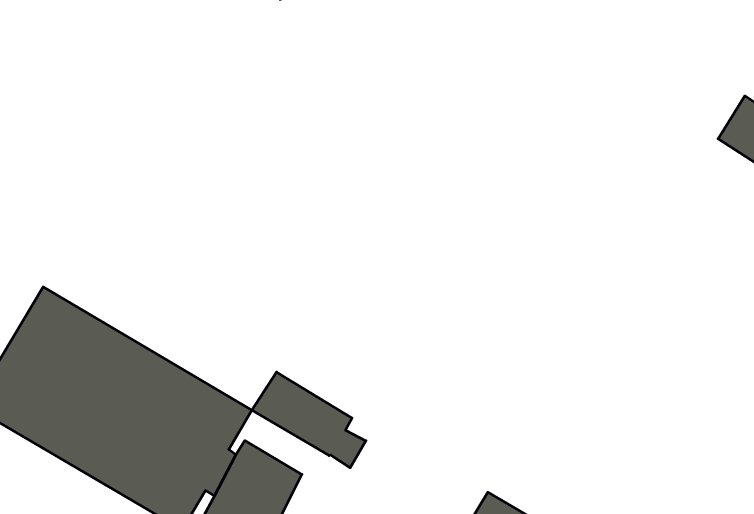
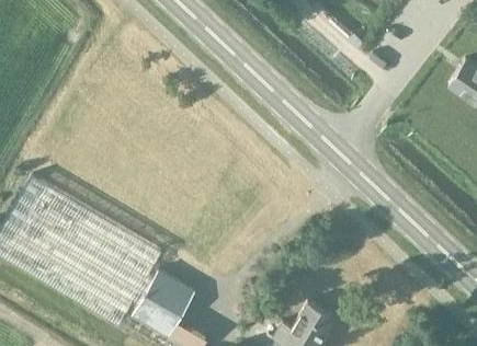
building: [252,372,366,468] -> none

